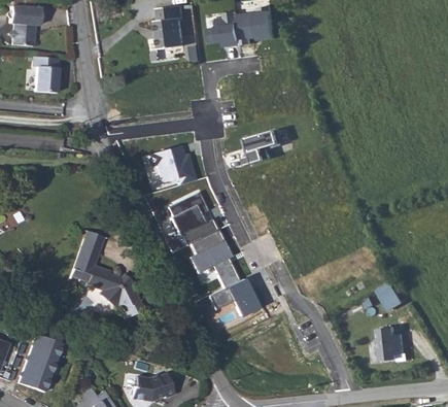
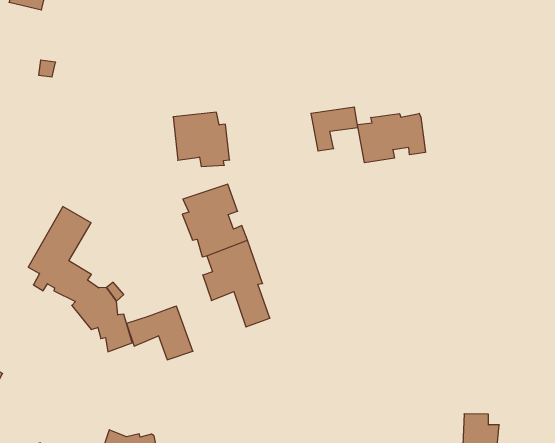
building: none -> [357,113,425,163]
building: [209,280,256,317] -> [127,306,193,360]
building: [377,283,403,312] -> none

